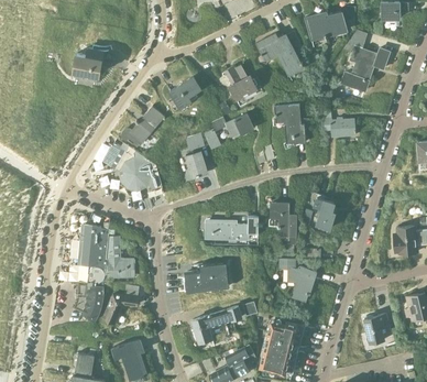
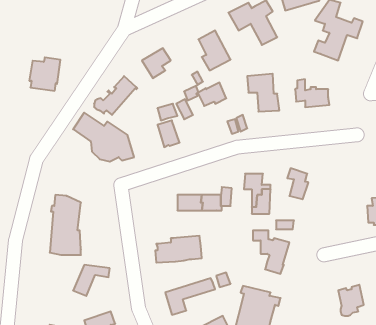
building: [72,48,102,81] -> [29,57,60,91]
building: [107,237,133,277] -> none
building: [83,287,103,320] -> none

